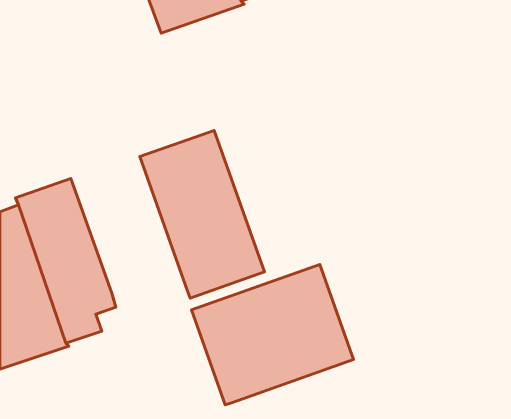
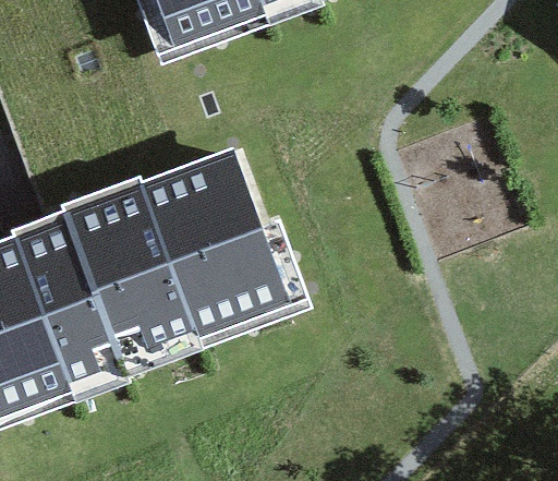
building: none -> [75,176,204,346]
building: [191,265,353,405] -> none

